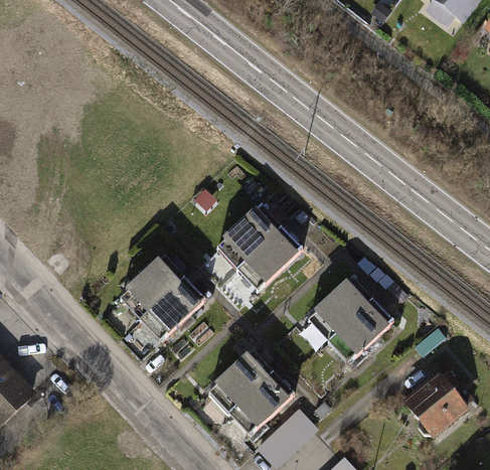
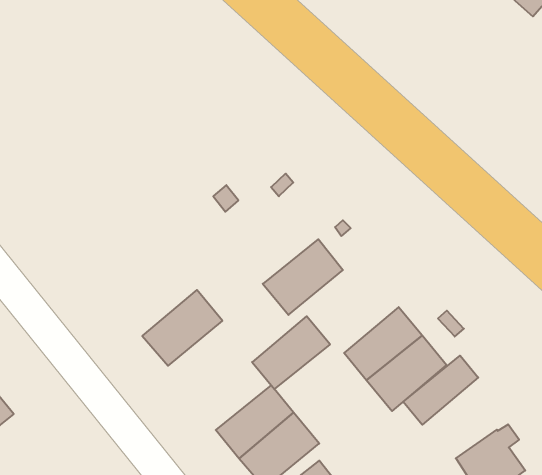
building: [217,203,281,266] -> [252,316,330,389]
building: [120,254,183,316] -> none
building: none -> [403,356,478,425]

